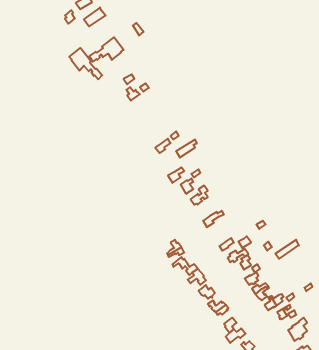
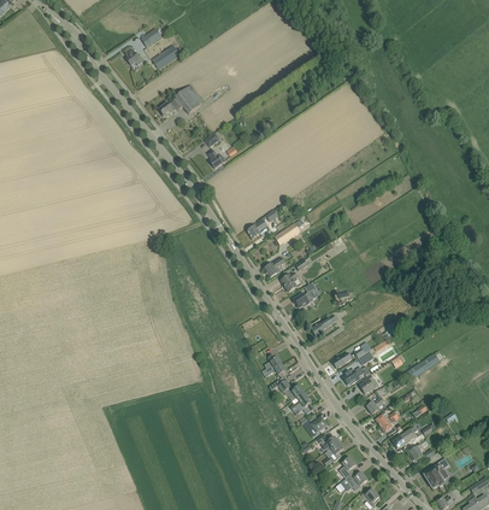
building: [69,48,102,79] -> none

